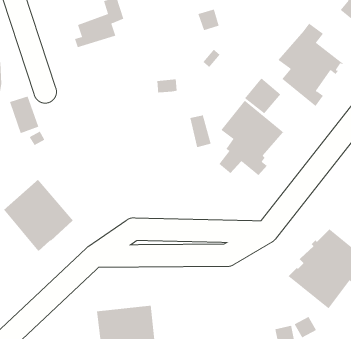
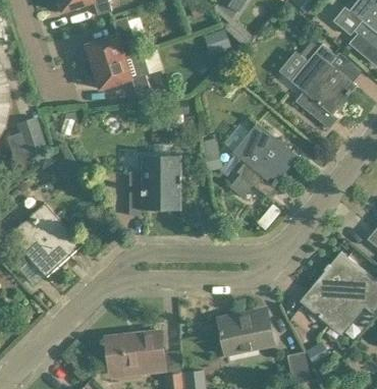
building: none -> [86,51,150,93]
building: [244,77,281,114] -> none
building: none -> [129,157,180,216]
building: none -> [217,313,274,356]

